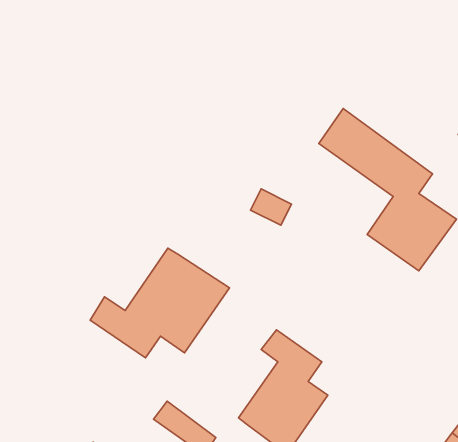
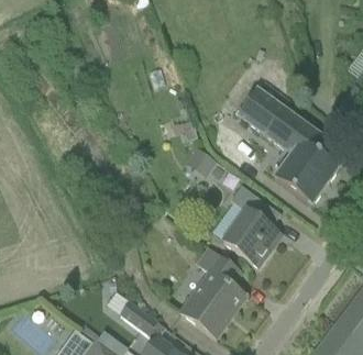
building: none -> [222,185,279,265]
building: [90,248,229,358] -> none

